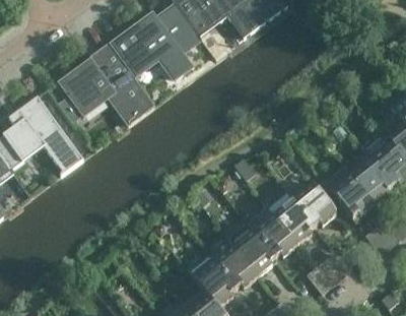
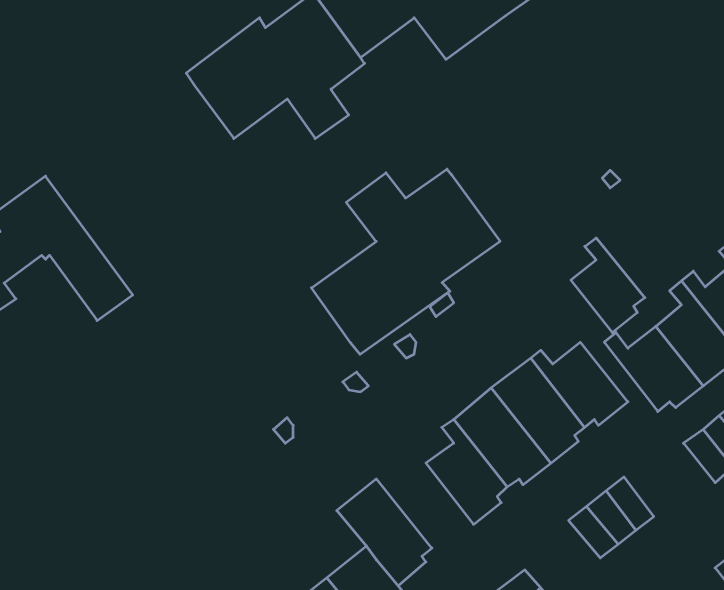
building: [59,50,154,121] -> none
building: none -> [311,169,500,354]
building: none -> [571,238,645,333]
building: [207,244,257,288] -> none

